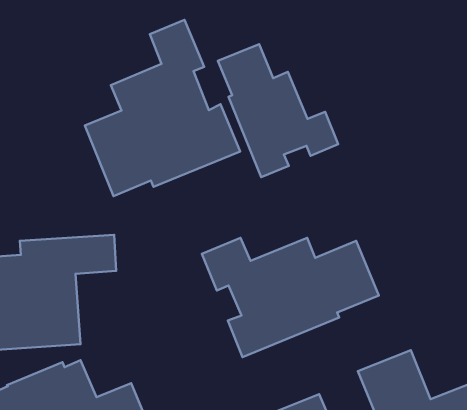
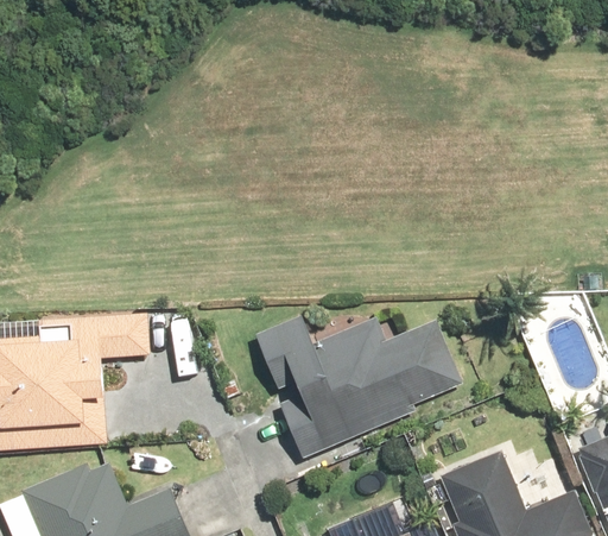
building: [85,20,240,196] -> none
building: [218,44,338,177] -> none

